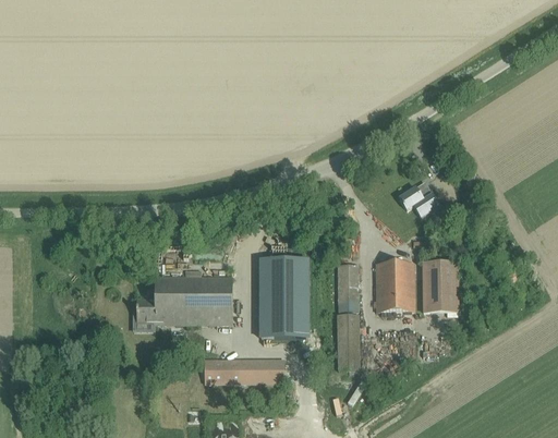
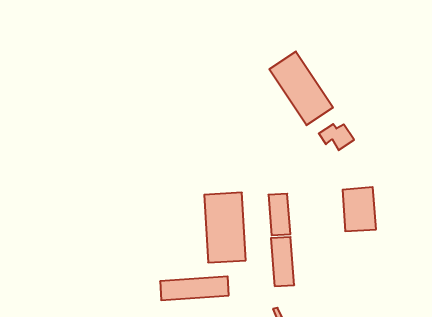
building: none -> [269,51,333,125]
building: [376,264,414,312] -> none
building: [137,278,232,325] -> none

